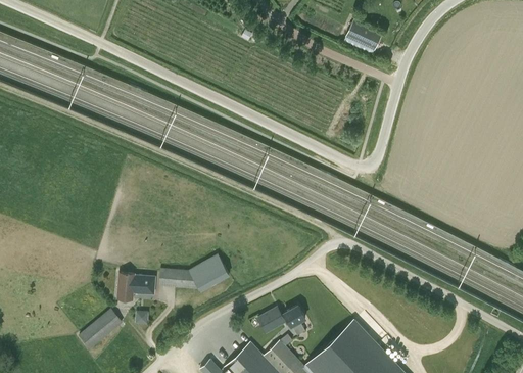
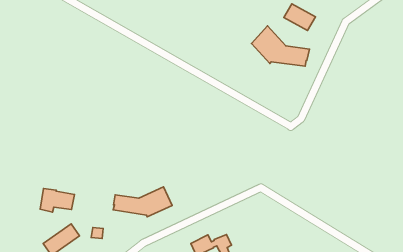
building: none -> [251,26,310,66]
building: [116,272,156,299] -> [40,188,74,212]

